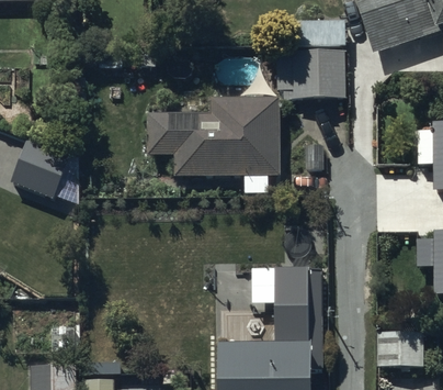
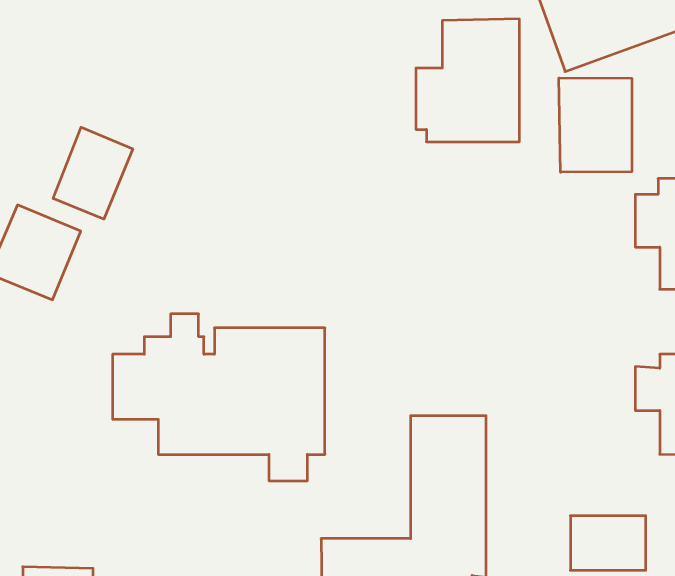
building: none -> [559,78,632,172]
building: [147,88,280,192] -> [113,314,325,481]
building: none -> [53,127,133,219]

